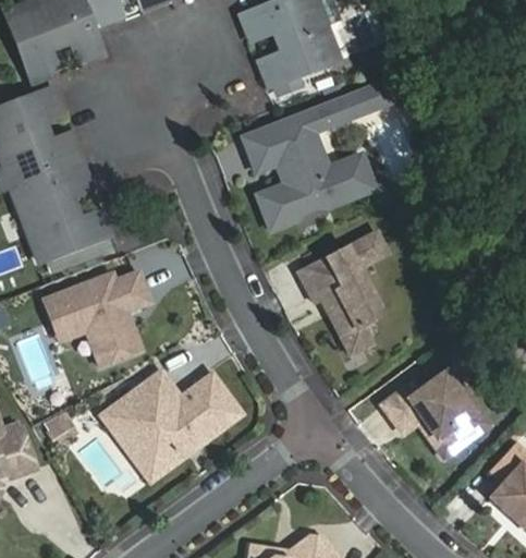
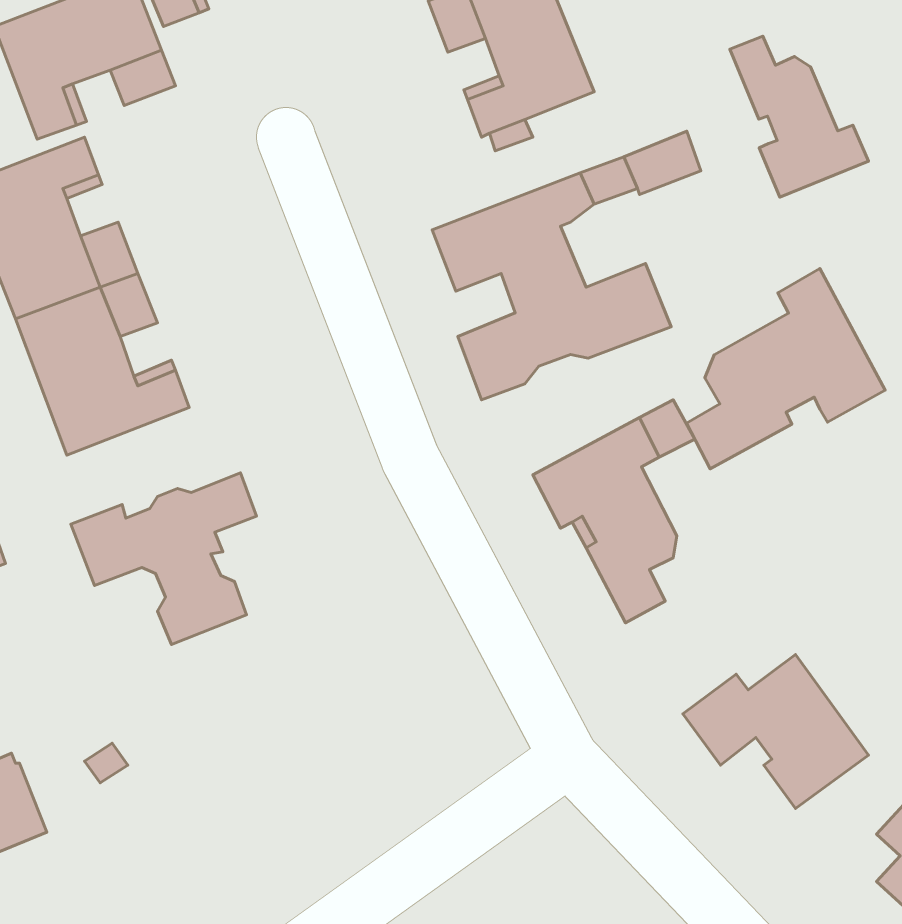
building: none -> [730,36,869,197]
building: none -> [686,269,885,469]
building: [99,371,240,459] -> none

